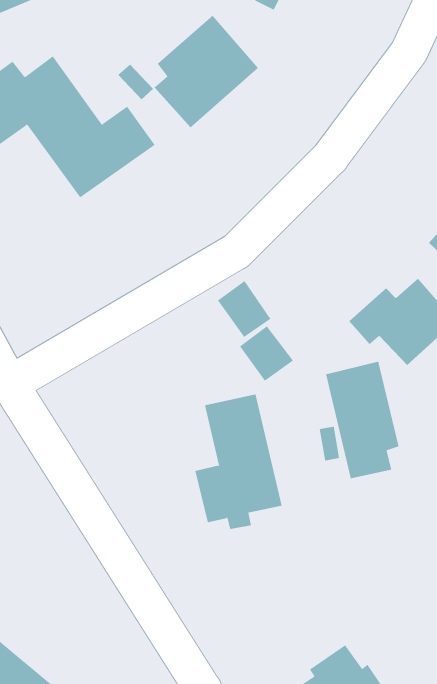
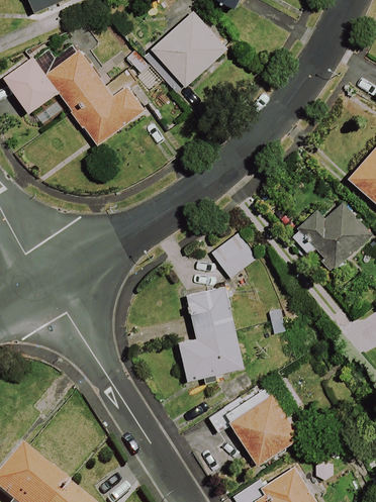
building: [217,280,271,338] -> none
building: [325,361,399,479] -> none
building: none -> [210,371,302,466]

